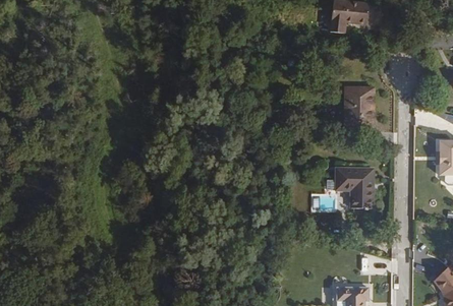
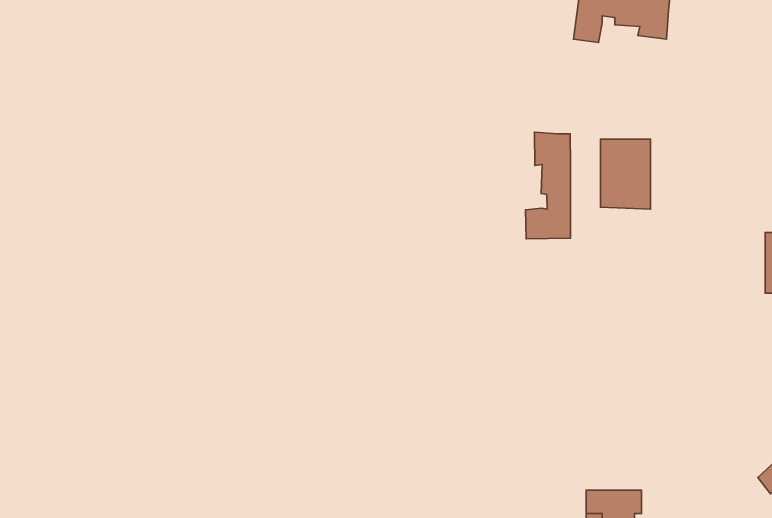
building: none -> [526,132,571,239]
building: [336,168,374,207] -> none

